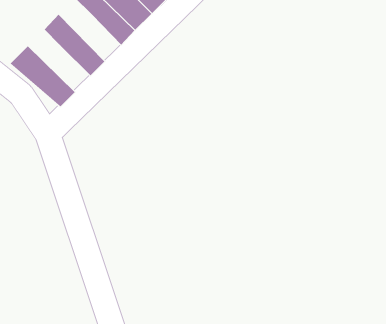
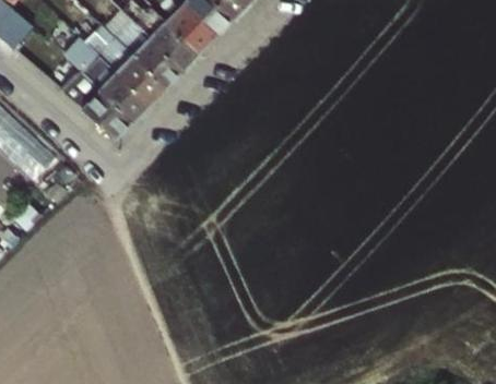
building: none -> [115,25,184,87]
building: none -> [62,44,150,121]

